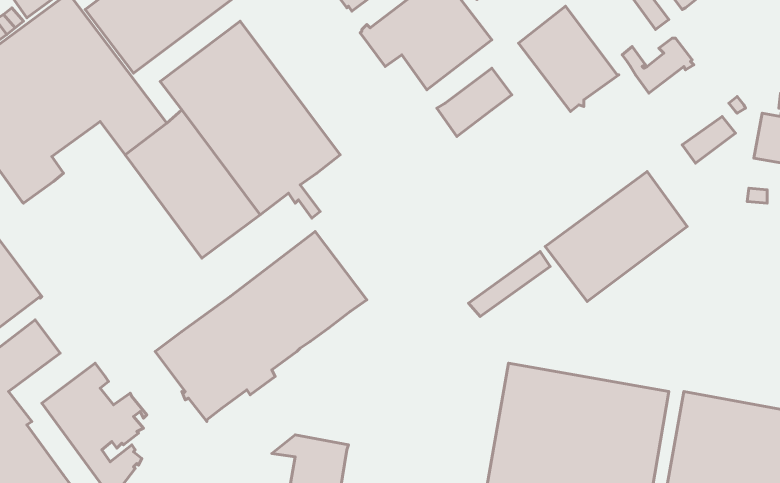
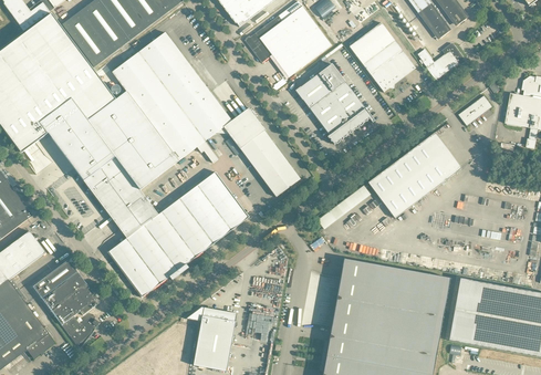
building: none -> [309,81,374,144]
building: none -> [40,98,158,238]
building: none -> [216,107,300,196]

